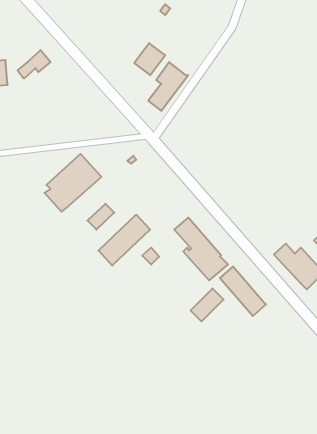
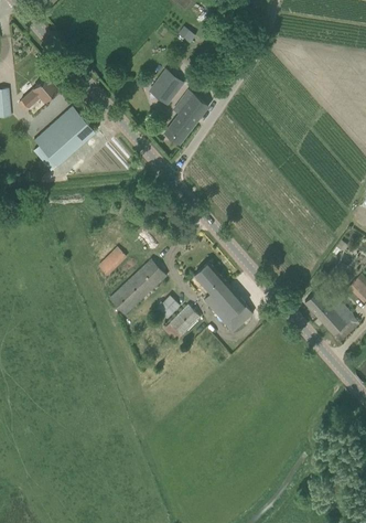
building: [44,154,101,212] -> [32,106,95,170]
building: [220,267,266,316] -> none
building: [191,288,224,321] -> [164,305,201,341]

